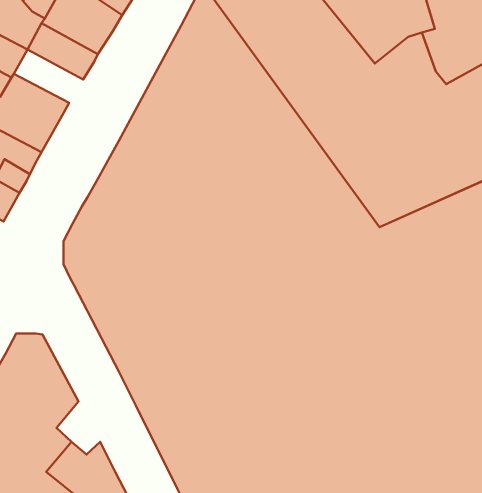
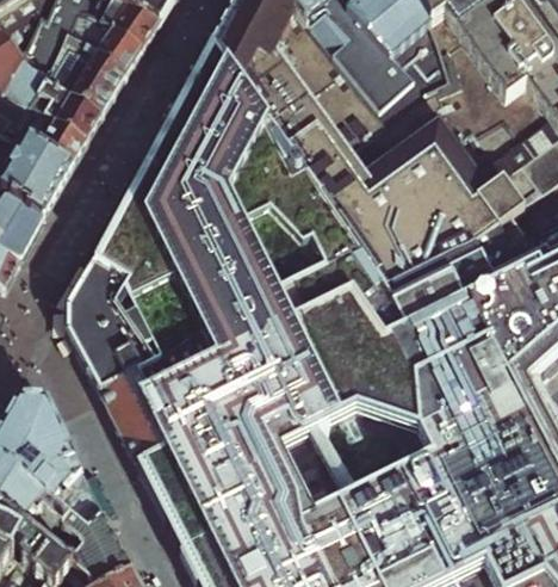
building: none -> [17,111,88,166]
building: none -> [61,475,106,530]

